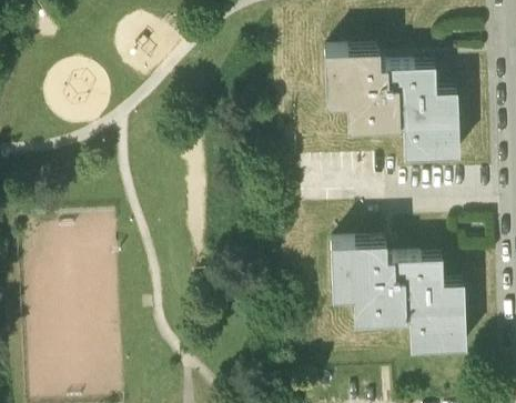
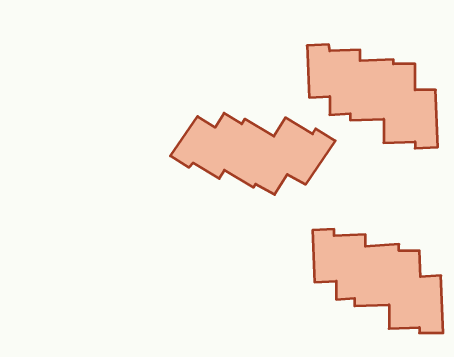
building: none -> [170,113,335,195]

